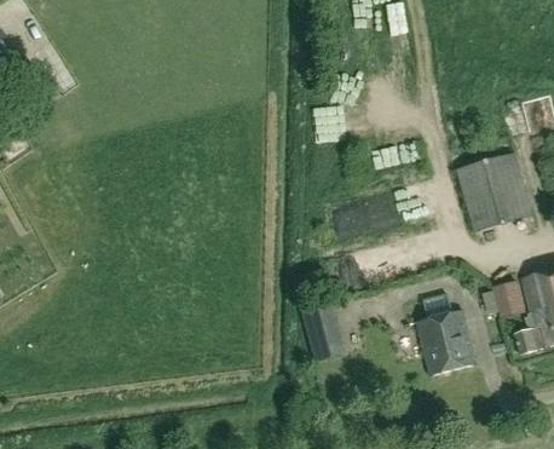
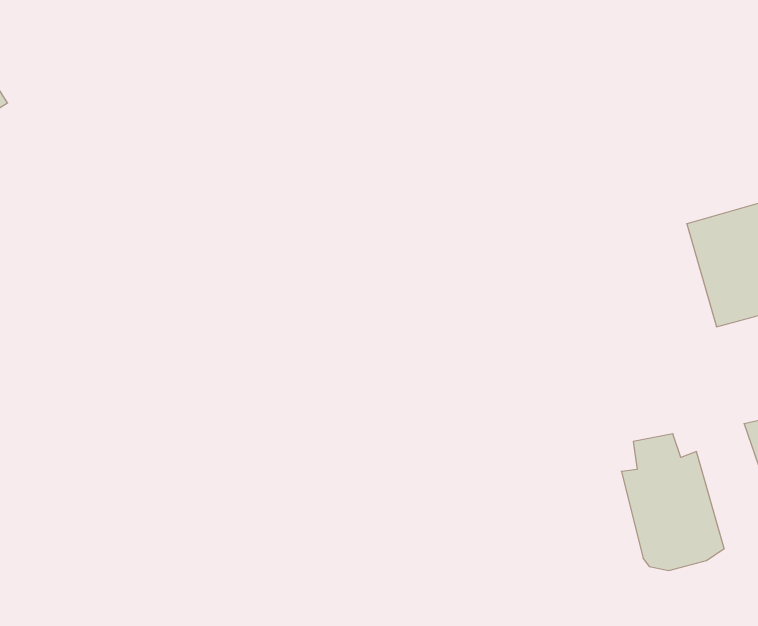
building: [299,301,344,364] -> none

